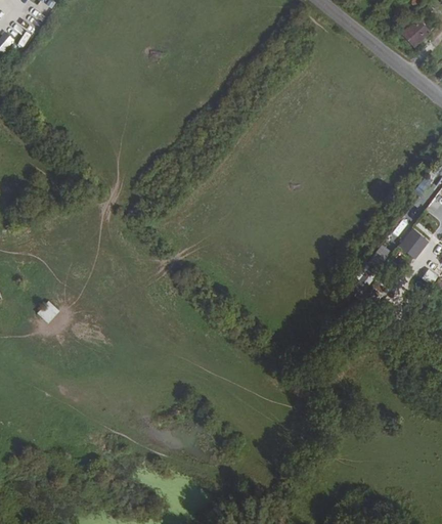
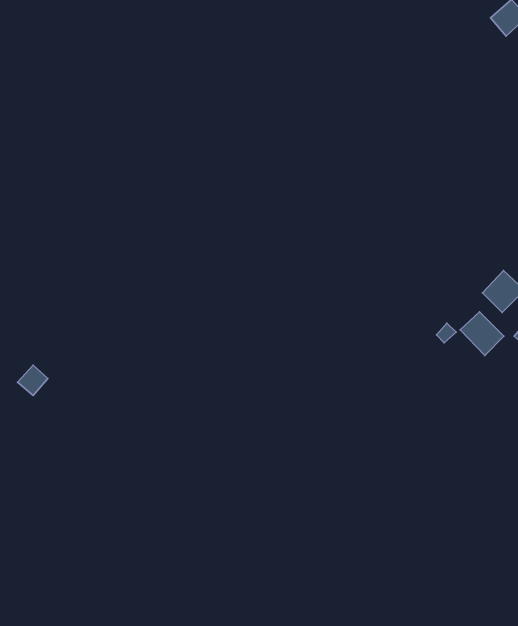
building: none -> [460,312,504,356]

